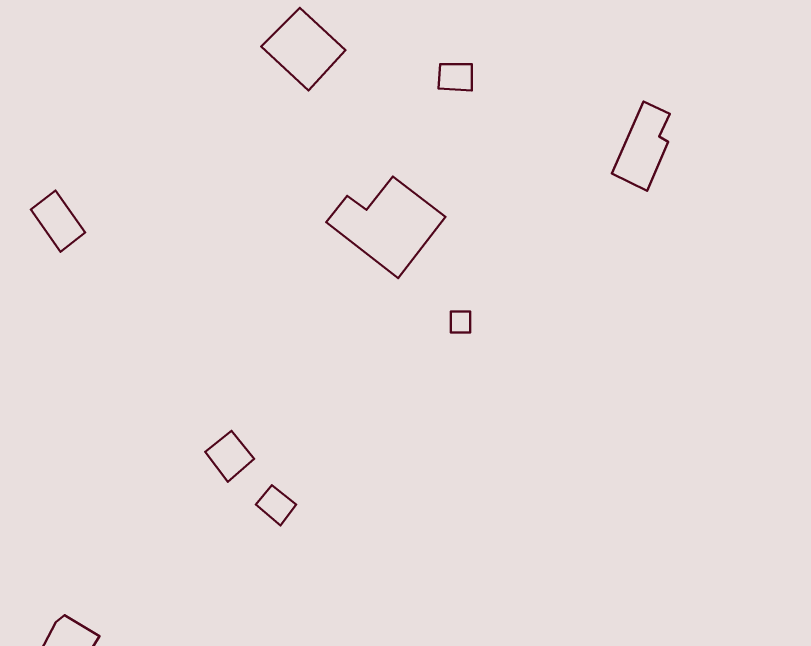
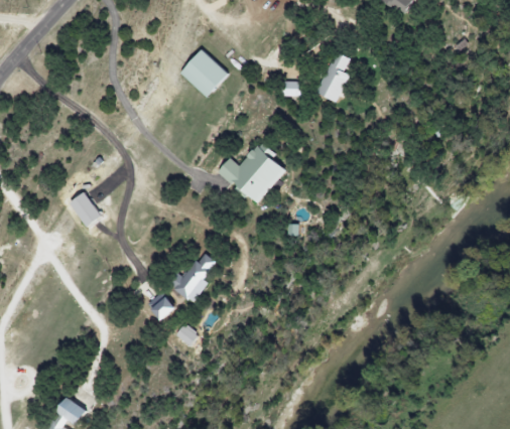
building: [612,101,670,191] -> [316,51,350,103]
building: [31,190,85,252] -> [70,191,101,227]
building: none -> [173,251,217,303]

